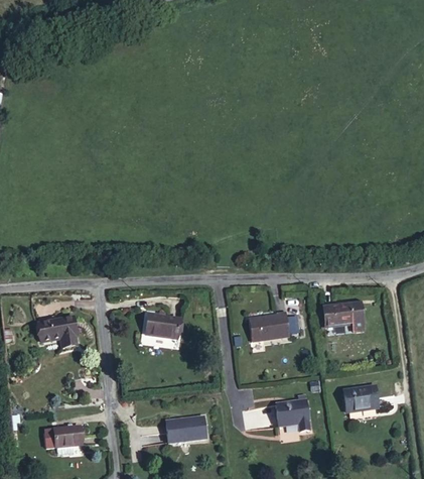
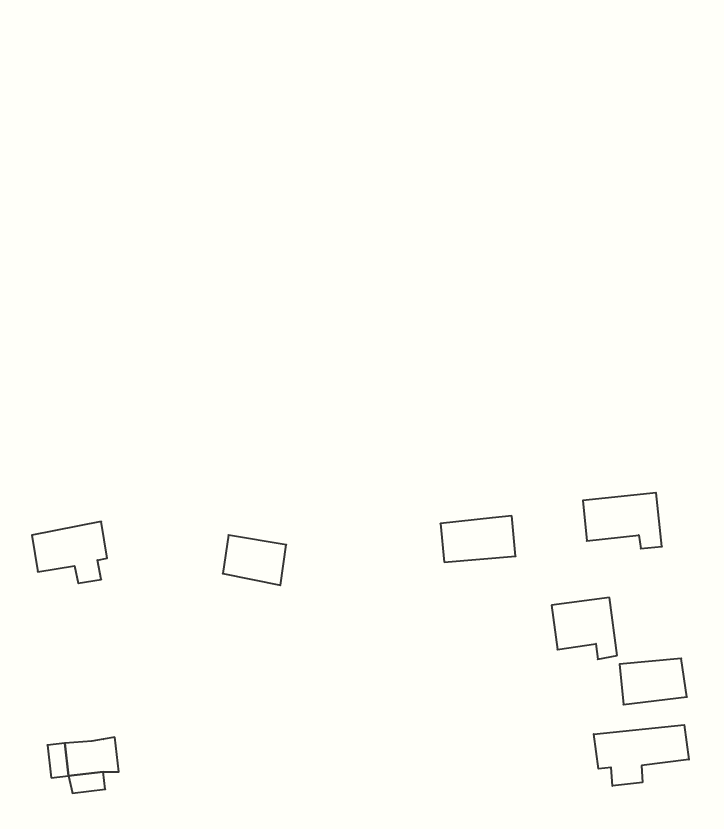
building: [274,398,308,431] -> [552,598,617,659]
building: [167,414,208,442] -> none
building: none -> [594,725,689,786]

